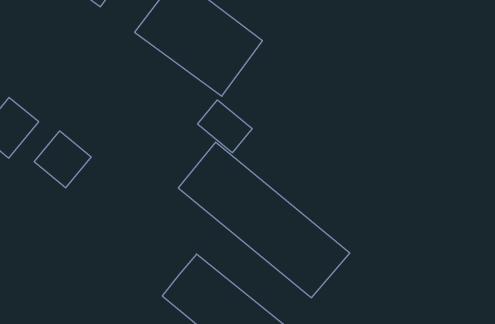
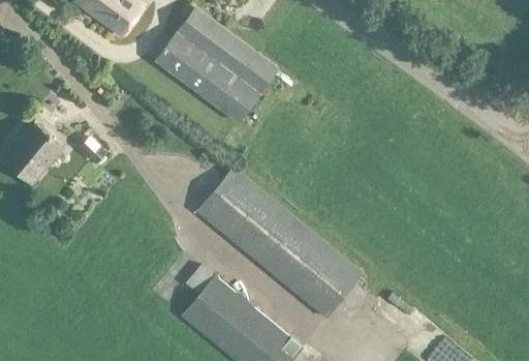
building: [198,100,252,153] -> none
building: [34,131,91,188] -> none

